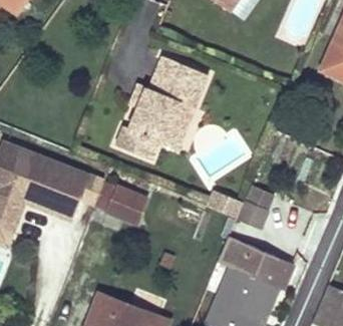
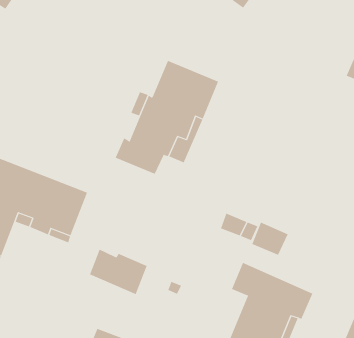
building: [93,182,145,223] -> [89,249,147,295]

